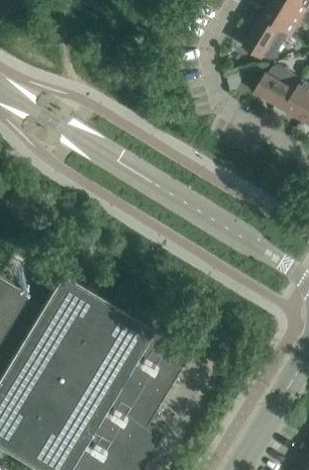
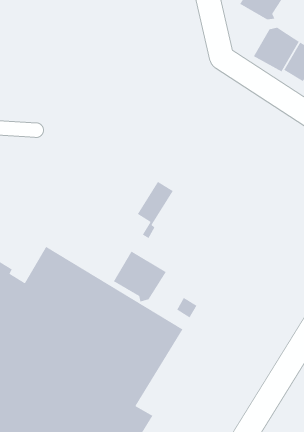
building: none -> [137,177,174,239]
building: none -> [113,250,167,303]

